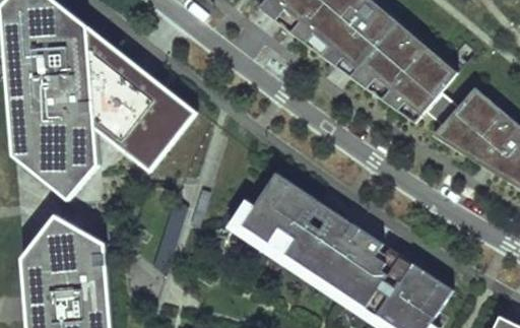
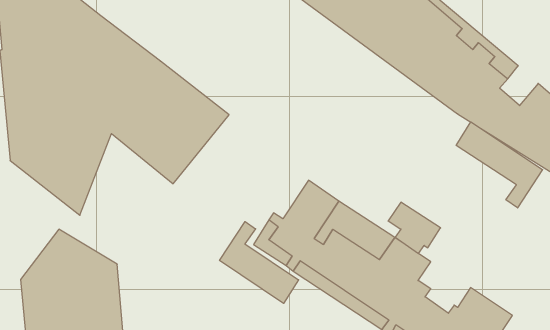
building: none -> [456,122,543,208]
building: none -> [220,222,299,303]
building: [368,242,413,286] -> [388,202,441,254]

